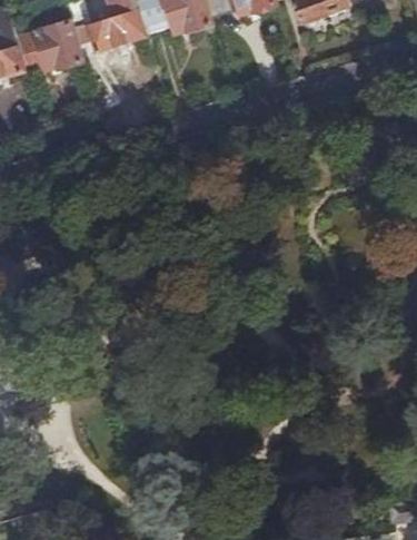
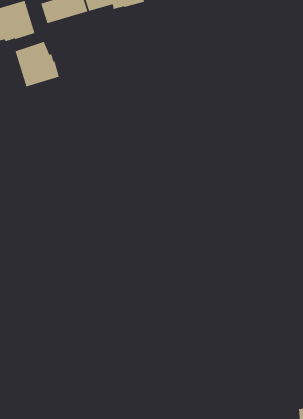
building: none -> [14,41,60,88]

